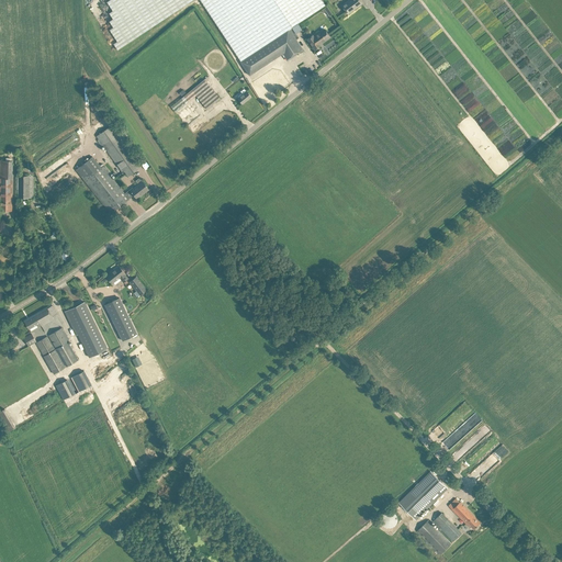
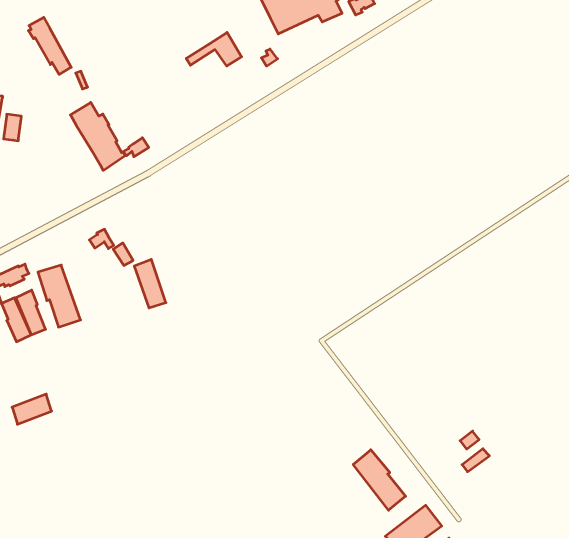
building: [95,126,137,175] -> [28,17,71,74]
building: [104,296,136,339] -> [134,259,166,308]
building: [55,369,90,398] -> [12,394,52,424]
building: none -> [353,450,406,510]

